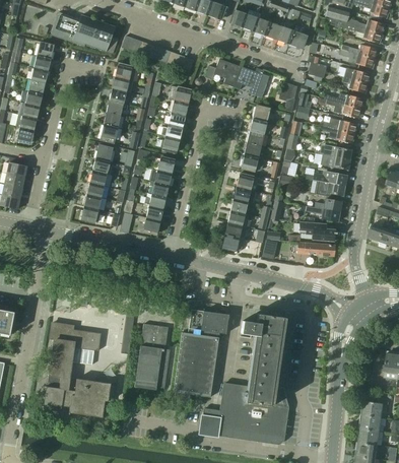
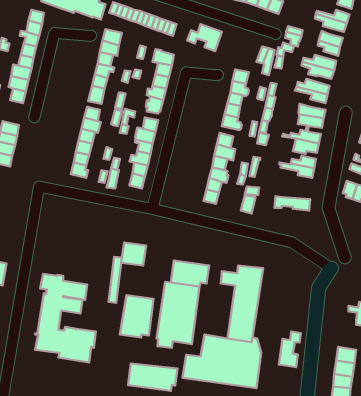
building: [235,67,265,94] -> none
building: [300,221,336,241] -> none
building: [141,324,168,348] -> [121,243,146,266]
building: none -> [279,332,301,367]
building: none -> [128,364,177,391]

